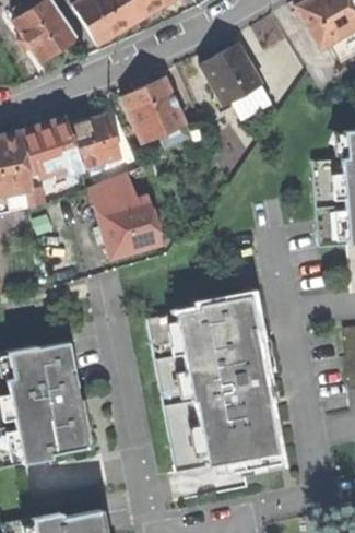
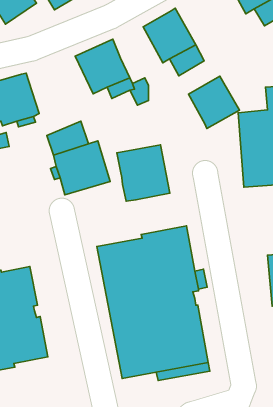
building: [70,114,122,167] -> none
building: none -> [188,76,240,128]
building: none -> [117,145,170,201]

